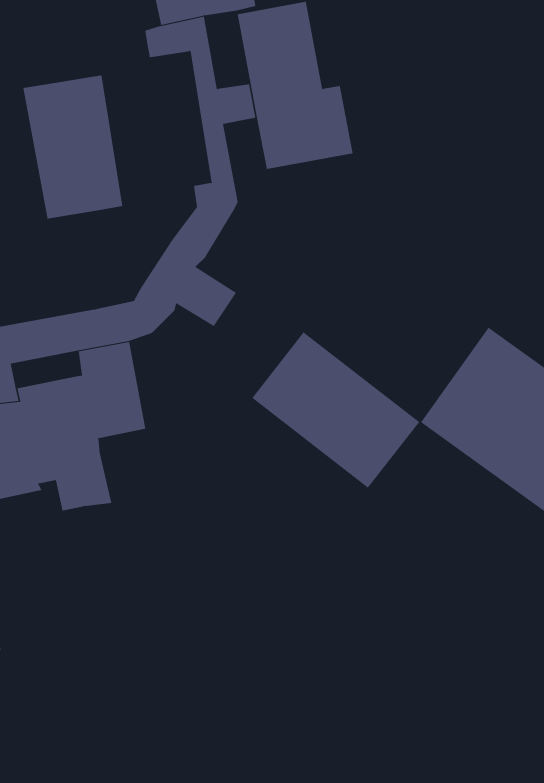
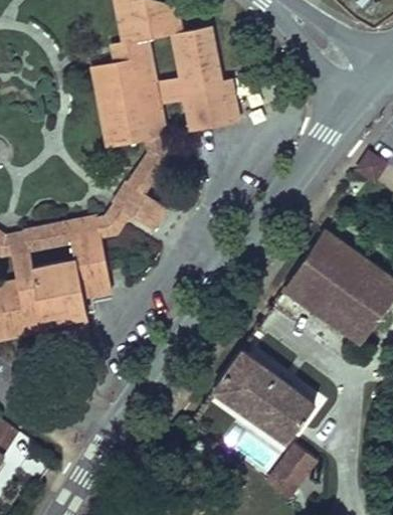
building: [23,75,123,219] -> [90,59,153,149]
building: [251,332,420,489] -> [211,347,316,445]
building: none -> [264,443,318,501]

